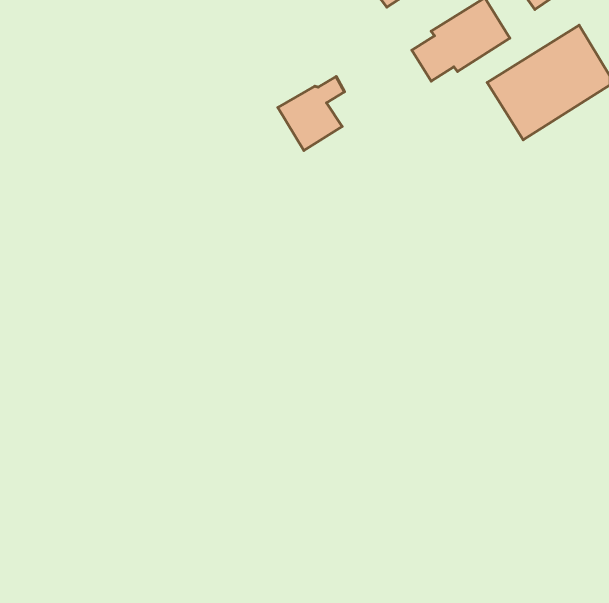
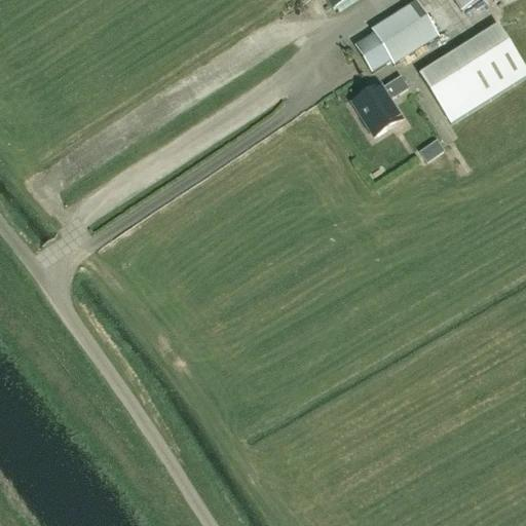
building: [278,76,345,151] -> [351,73,409,137]

